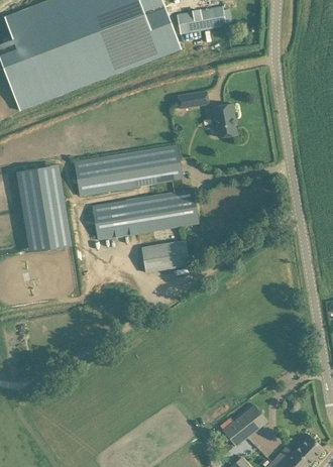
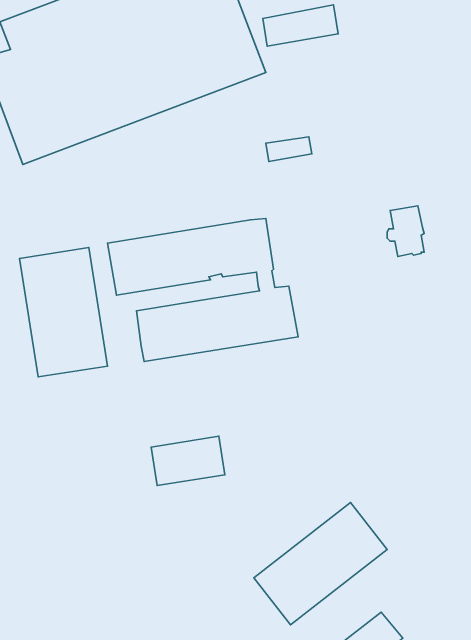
building: [211,104,235,137] -> [387,206,424,257]
building: [140,239,189,271] -> [151,436,225,485]
building: none -> [254,502,387,625]

